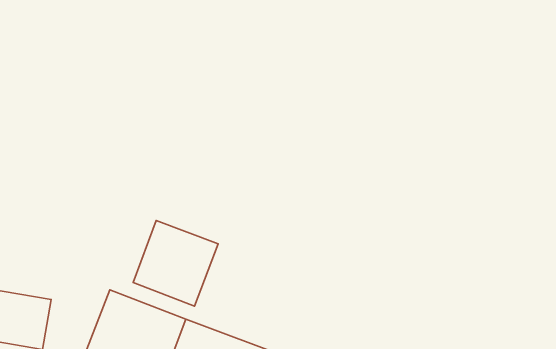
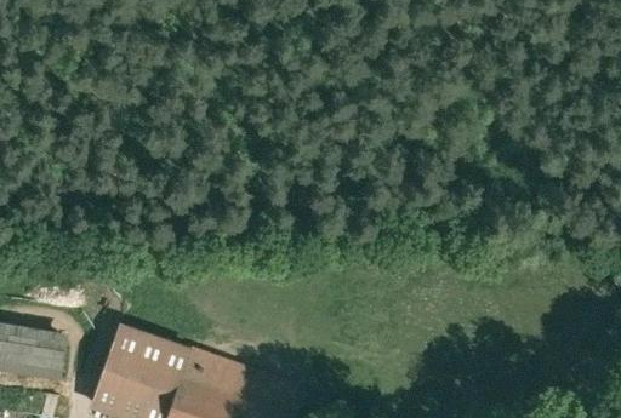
building: [133,221,218,306] -> none

